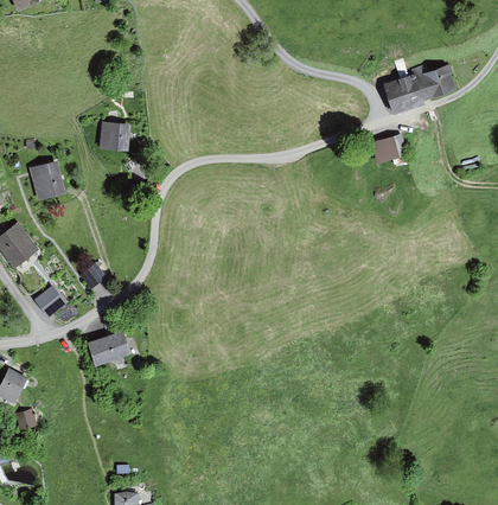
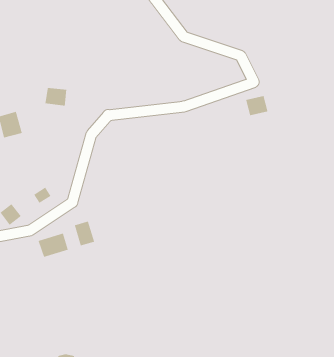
building: [381,63,456,117] -> none
building: none -> [74,221,95,247]

